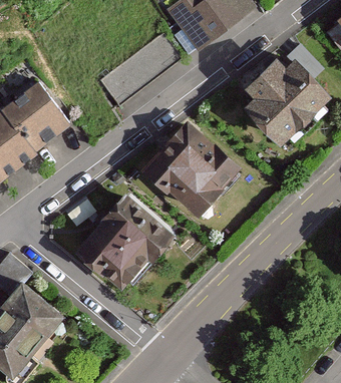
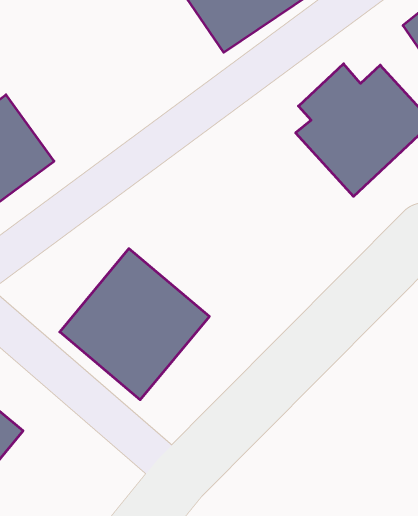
building: [94,33,179,107] -> none
building: [143,118,247,220] -> none

